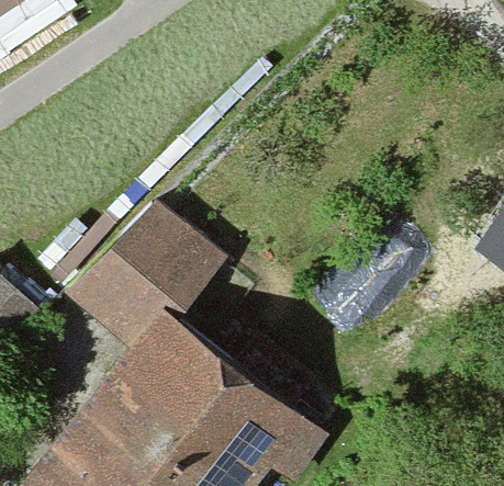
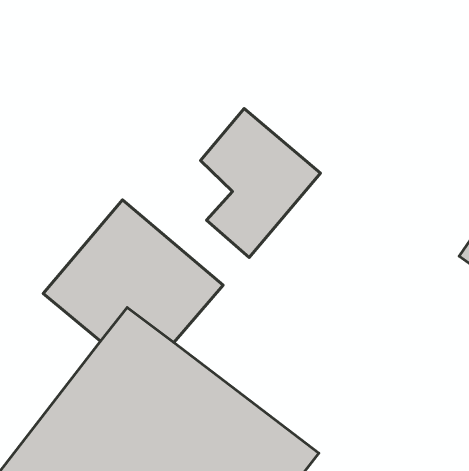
building: none -> [201,109,321,257]

